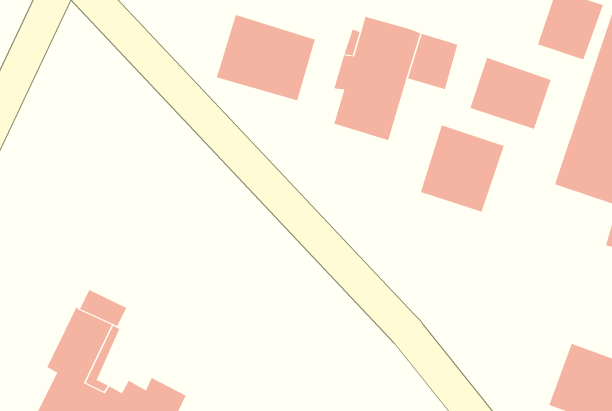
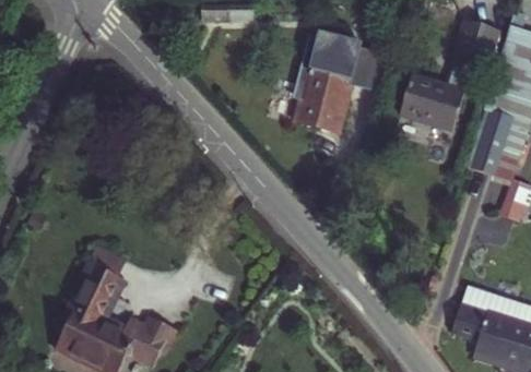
building: [216,14,316,101] -> none
building: [420,125,505,212] -> none

